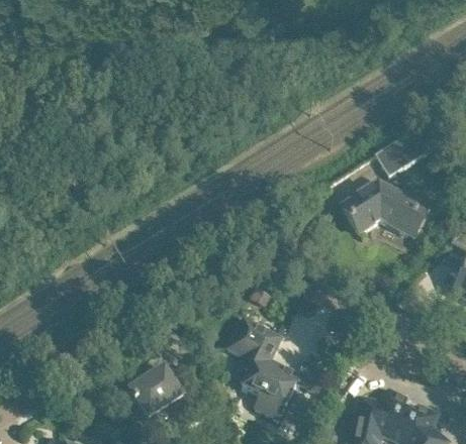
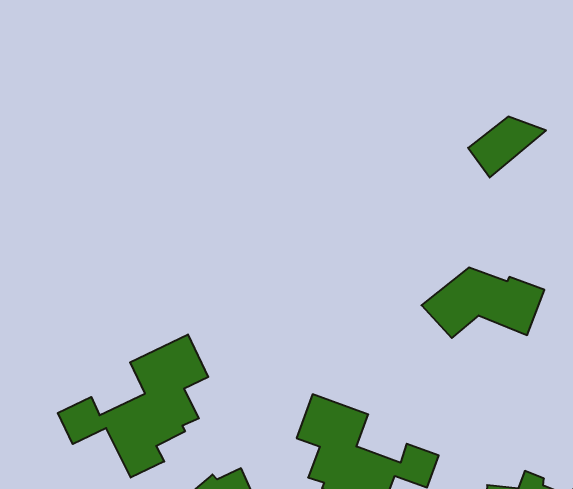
building: [341,185,431,238] -> [421,267,544,338]
building: none -> [58,334,208,478]

